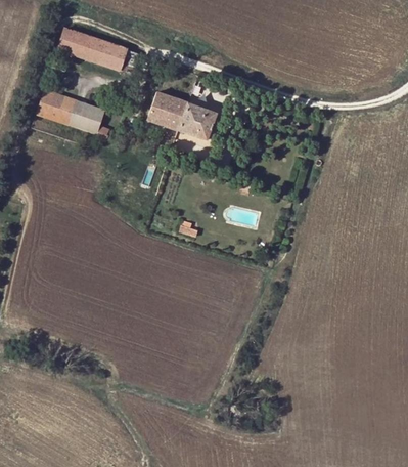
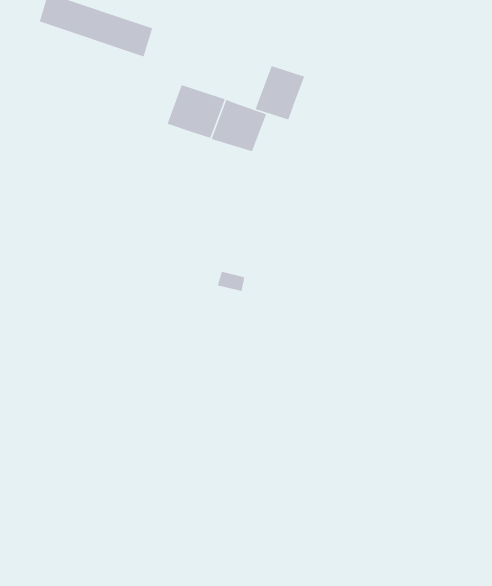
building: none -> [255,65,305,120]
building: [35,89,107,141] -> none

